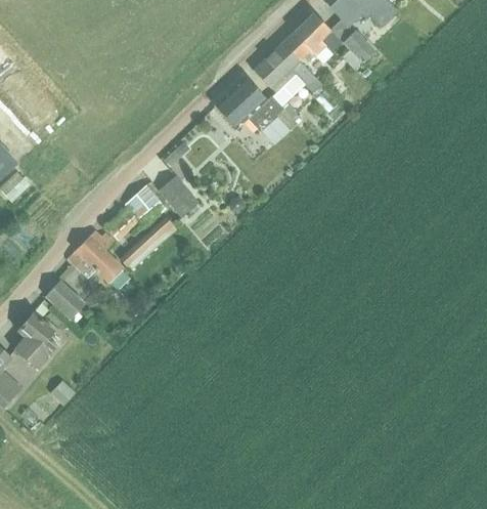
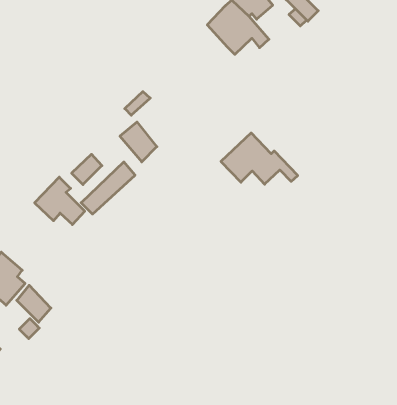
building: [214,76,297,131] -> [221,133,298,184]
building: [129,183,162,216] -> none
building: [46,280,83,320] -> [17,285,51,322]

